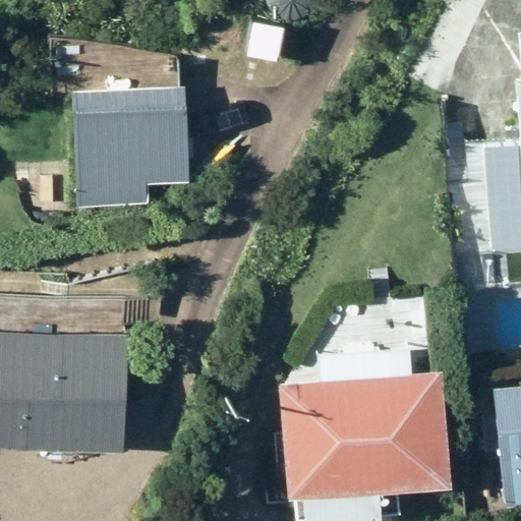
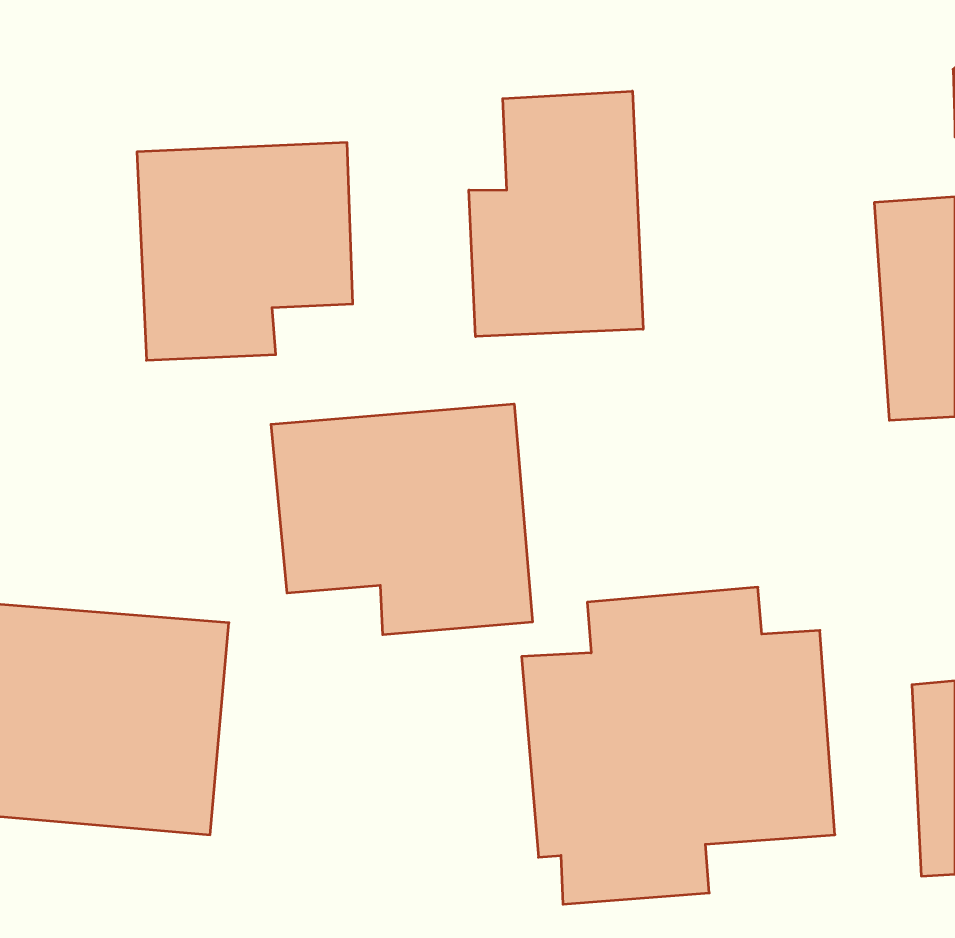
building: none -> [469,91,643,337]
building: none -> [271,404,532,635]

